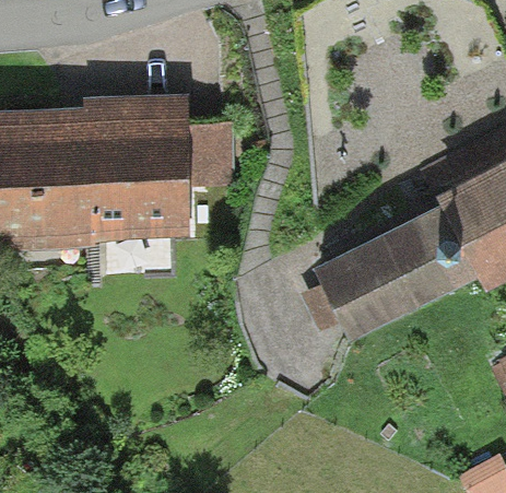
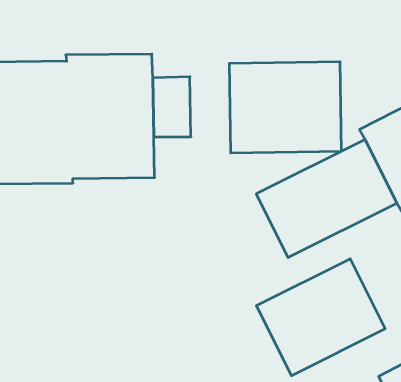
building: none -> [229,62,341,153]
building: none -> [256,259,385,376]

